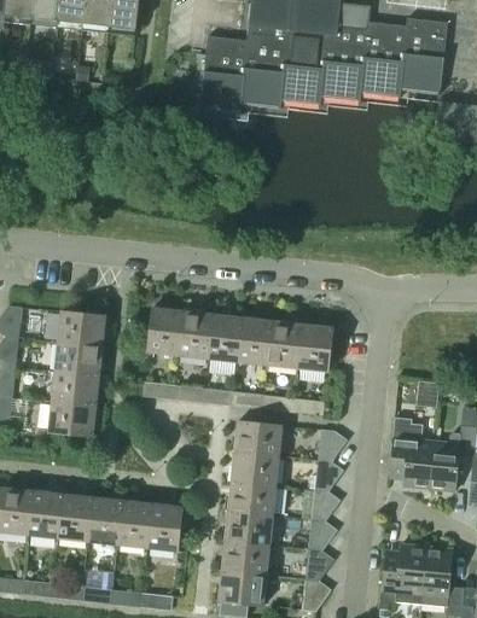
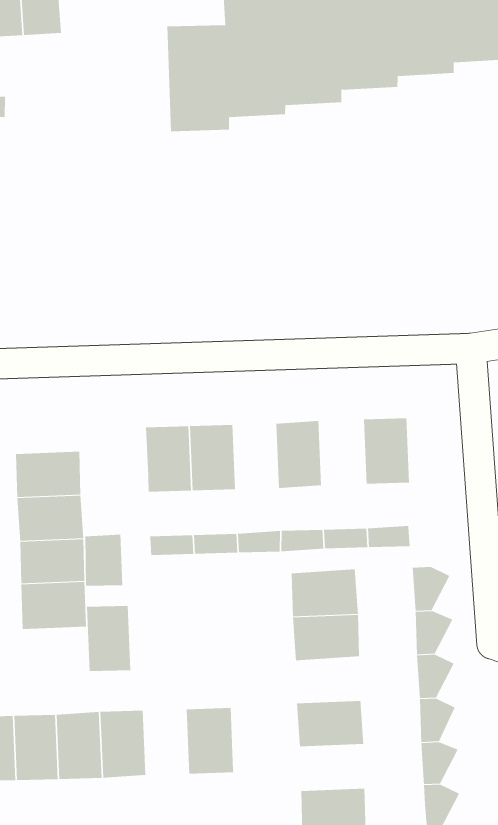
building: [208,314,242,362] -> none
building: [267,320,302,368] -> none
building: none -> [85,534,123,586]
building: [227,482,275,515] -> none
building: [117,500,151,548] -> [86,605,131,671]
building: [221,541,269,576] -> none

